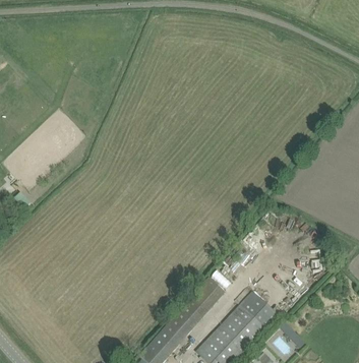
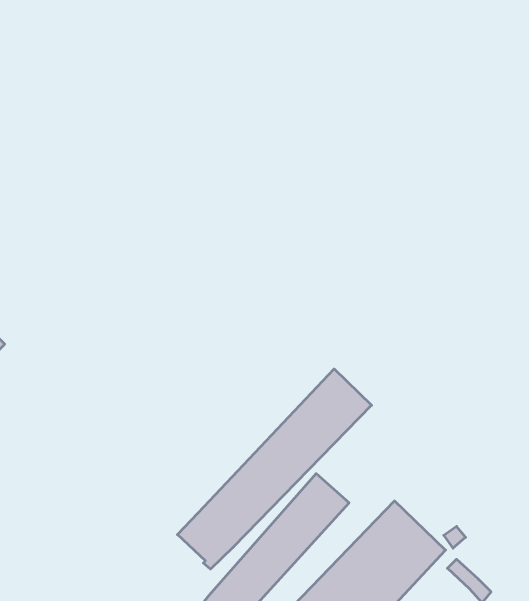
building: none -> [177,369,372,569]

